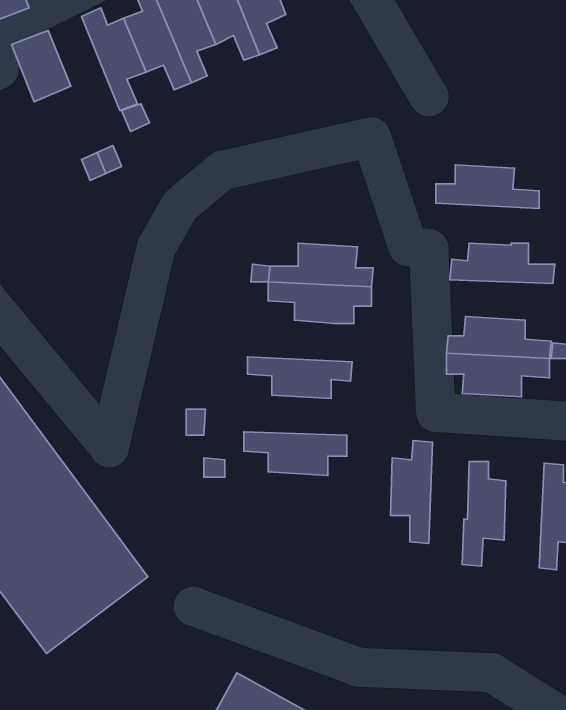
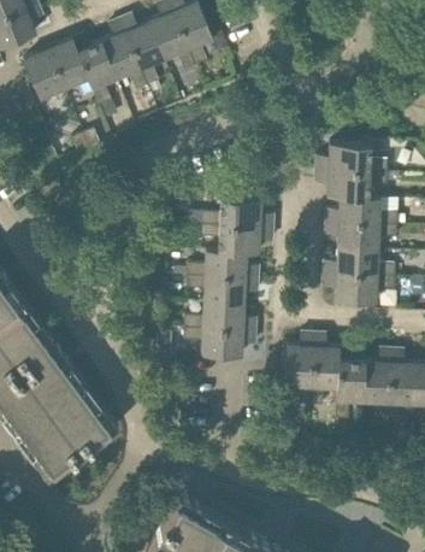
building: none -> [48,40,87,88]
building: none -> [314,169,386,198]
building: none -> [325,222,396,249]
building: none -> [185,249,258,278]
building: none -> [183,301,255,329]
building: none -> [311,334,338,404]
building: none -> [362,348,390,421]

